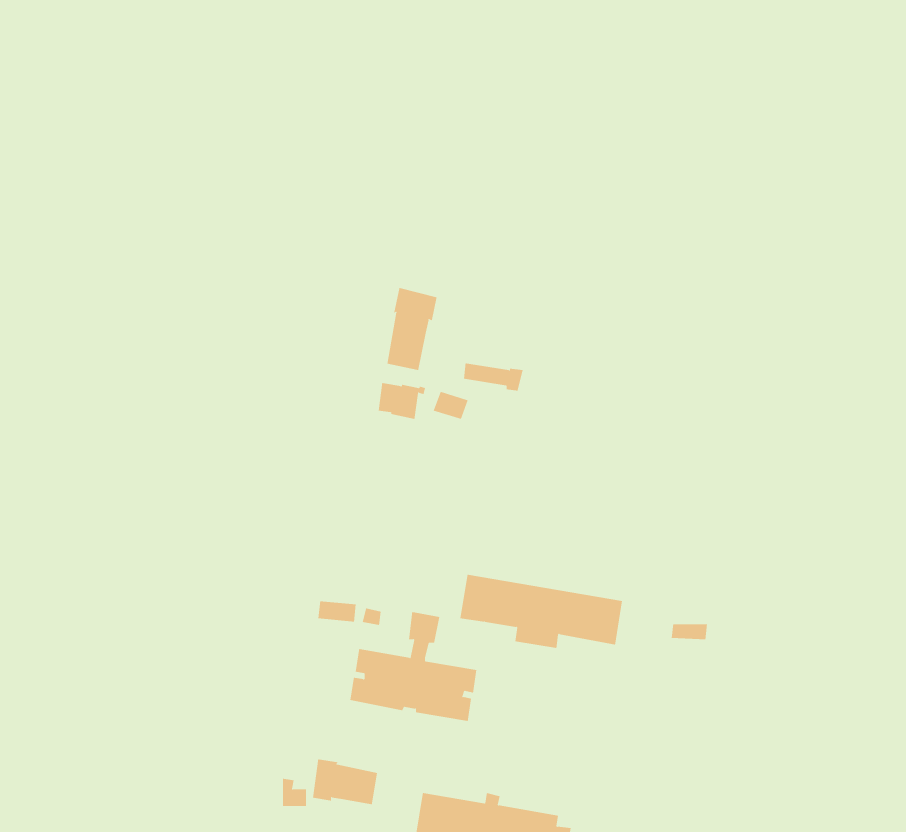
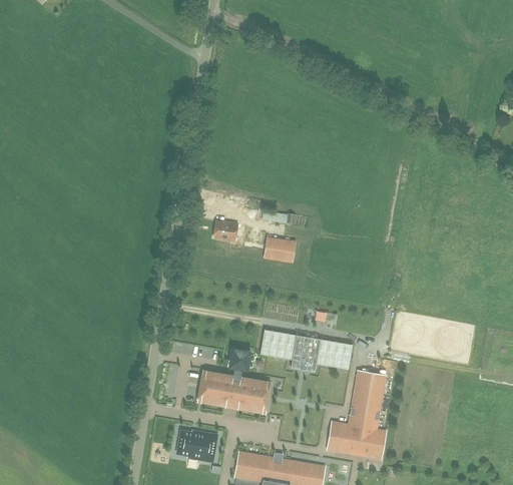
building: [387,287,437,371] -> none
building: none -> [264,236,295,262]
building: none -> [334,370,386,458]

